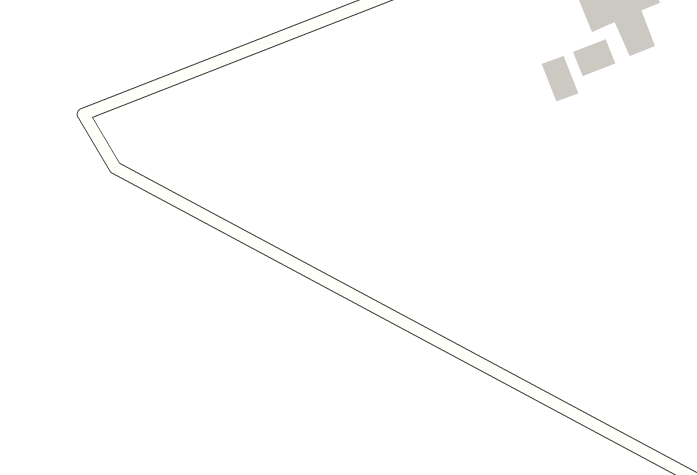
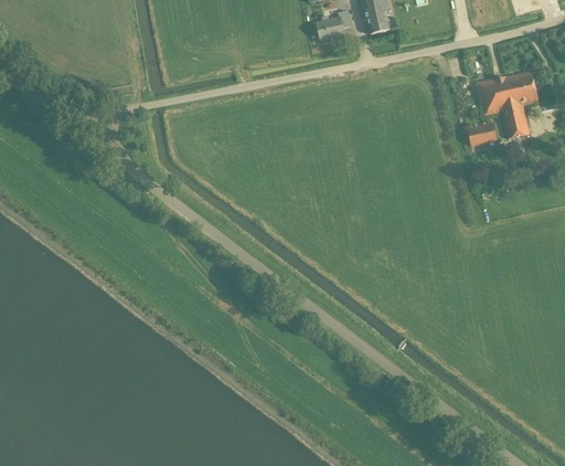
building: [541,55,579,102] -> none

